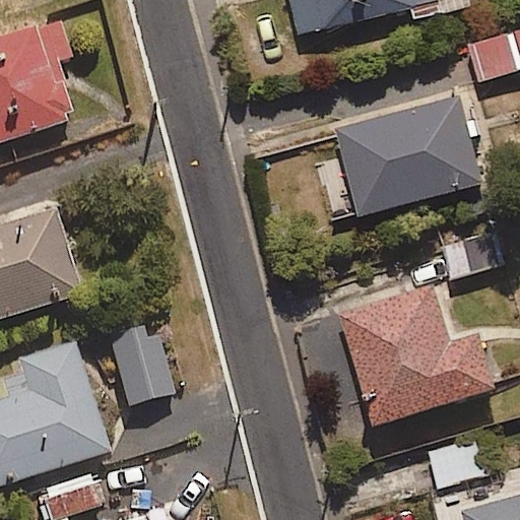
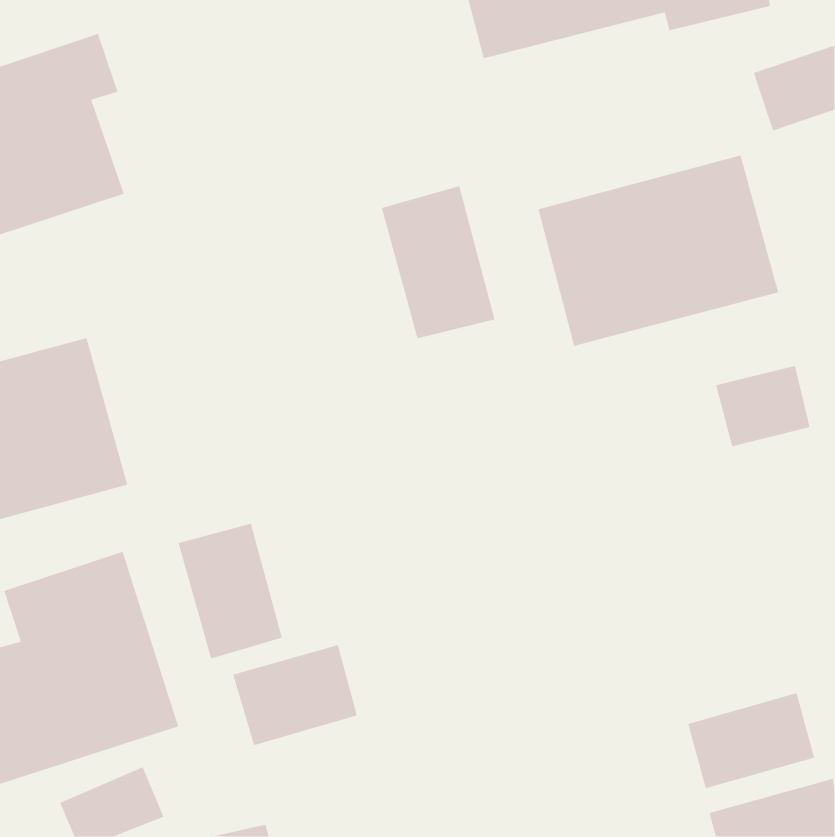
building: none -> [381,185,495,339]
building: [337,284,498,422] -> none
building: none -> [232,644,358,746]

